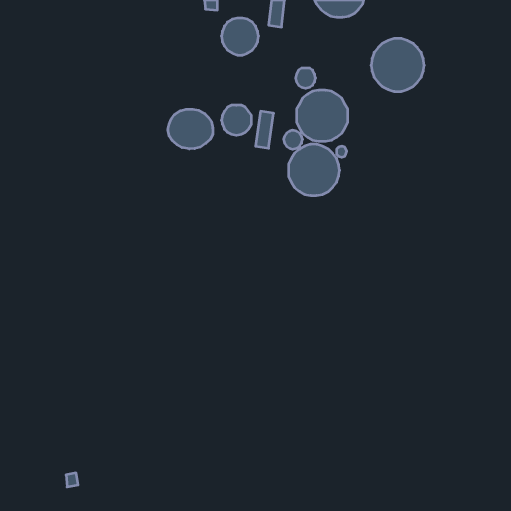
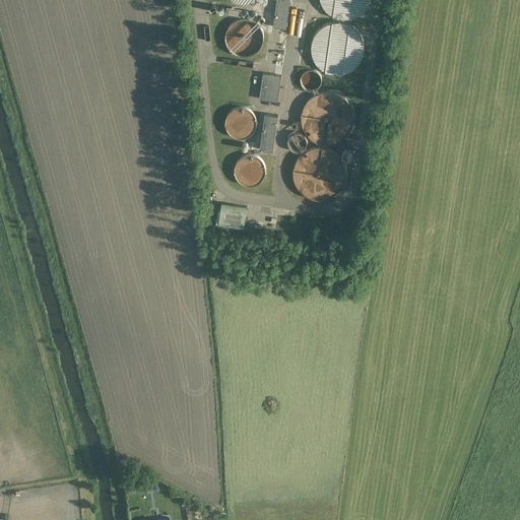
building: [371,38,424,91] -> [310,21,364,75]
building: none -> [258,73,280,102]
building: [168,109,213,149] -> none
building: none -> [234,154,265,186]
building: none -> [217,203,246,229]

